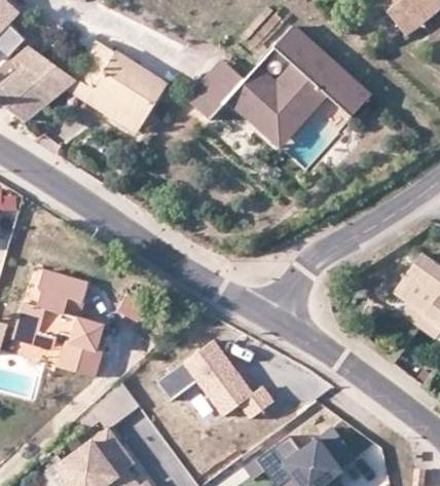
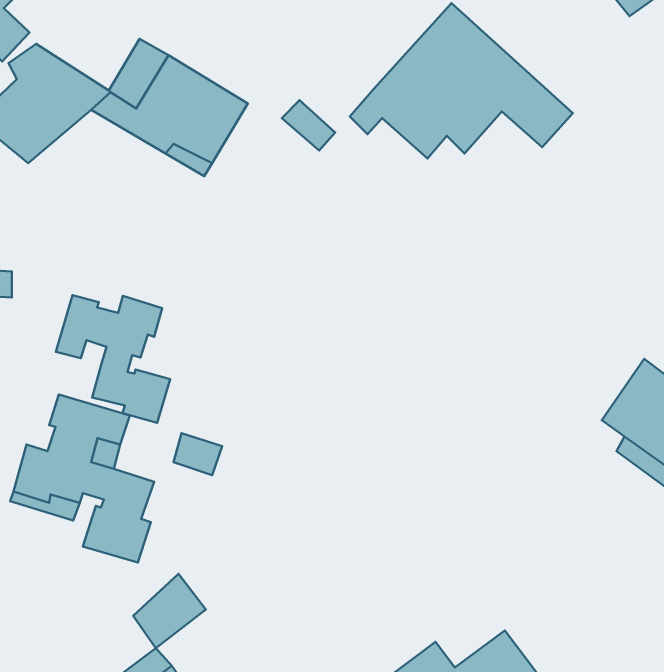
building: [198,57,246,106] -> none
building: [242,97,303,143] -> none
building: none -> [56,295,170,423]
building: [158,341,279,423] -> none

